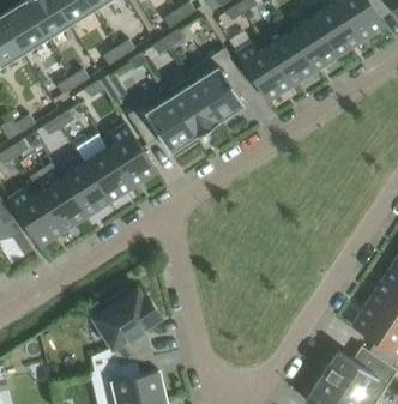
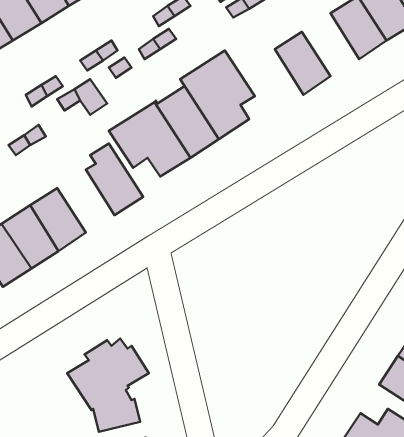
building: [289,17,337,70] -> none
building: [237,46,290,100] -> none
building: [84,147,132,200] -> none

